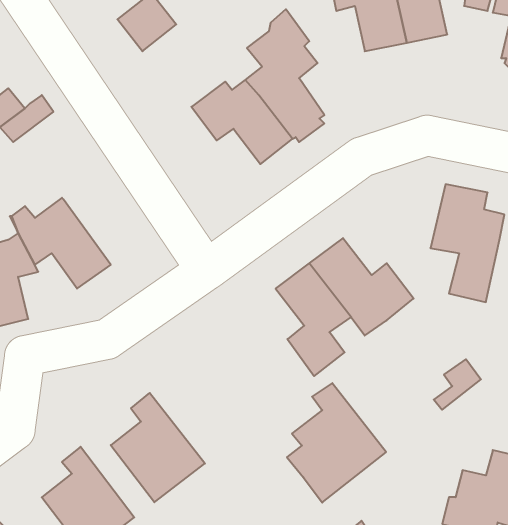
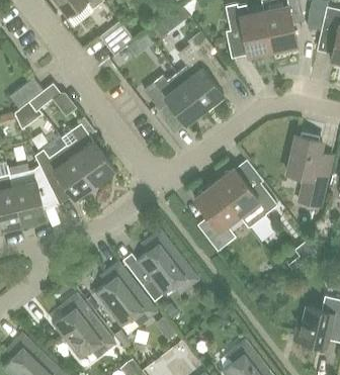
building: none -> [67,123,115,185]
building: [287,383,386,503] -> [134,230,193,302]

